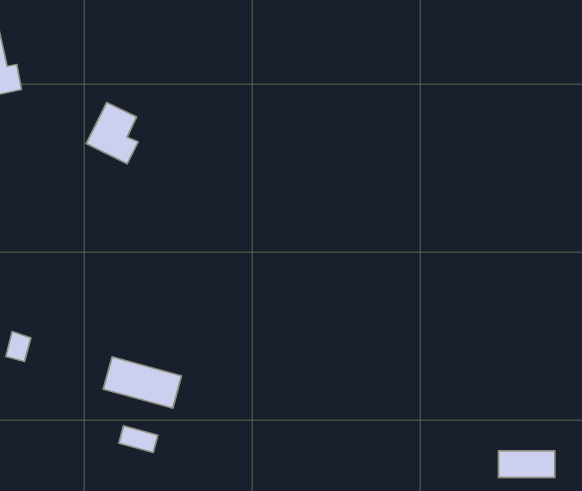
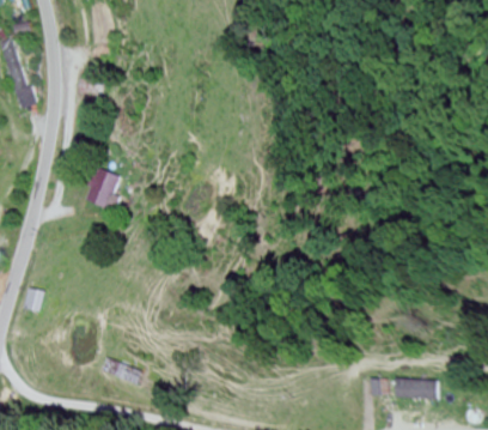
building: [86,103,138,164] -> [81,166,121,213]
building: [103,357,181,408] -> none

